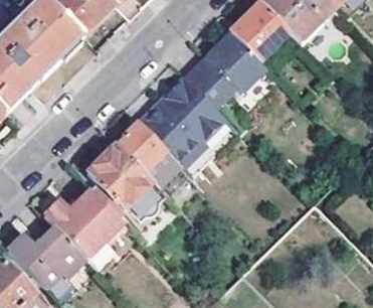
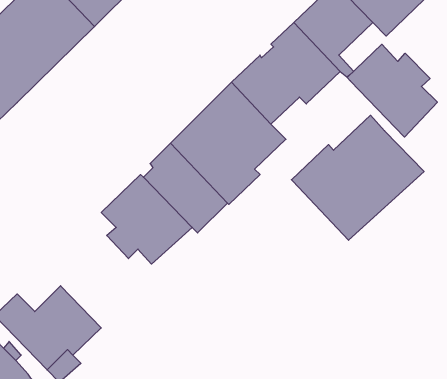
building: none -> [347,44,437,137]
building: none -> [291,115,424,240]
building: [46,190,125,270] -> none

